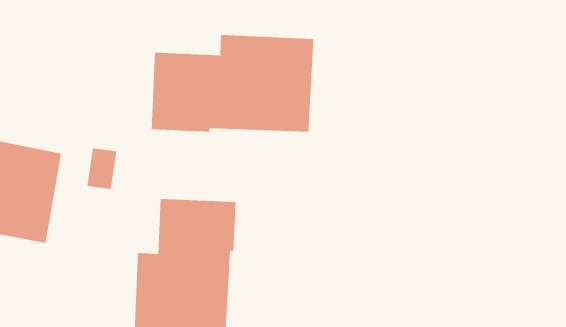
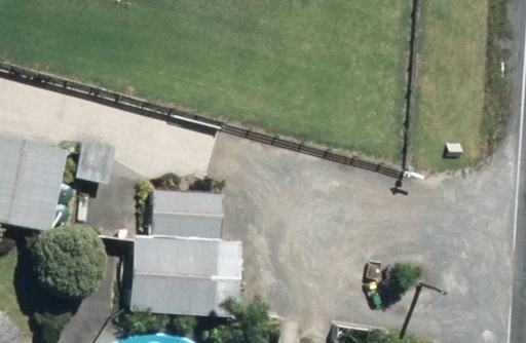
building: [151,34,314,133] -> none

